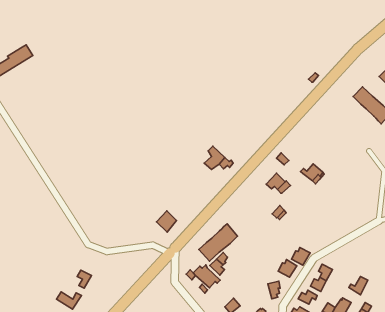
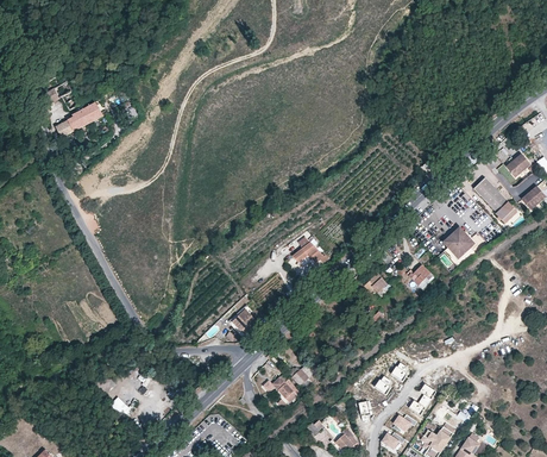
building: none -> [442,226,474,258]
building: [199,224,238,261] -> none

